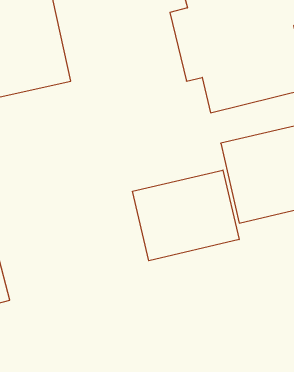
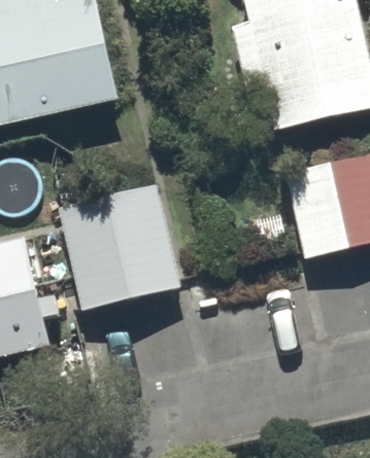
building: none -> [60,187,181,311]
building: [133,170,239,261] -> none

